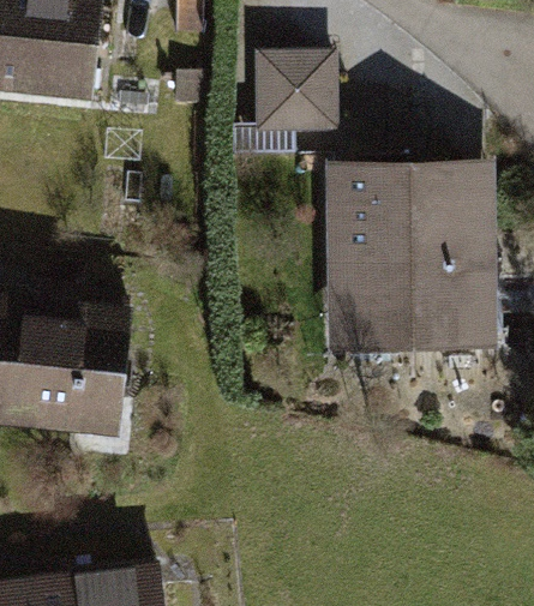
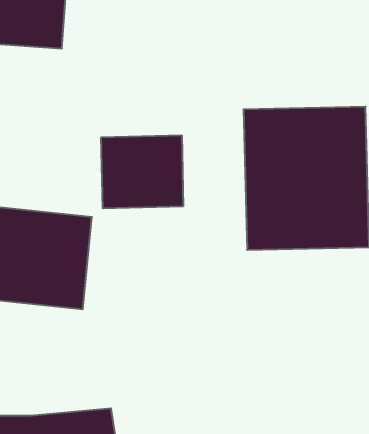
building: [257,53,336,131] -> none
building: none -> [101,135,183,208]

